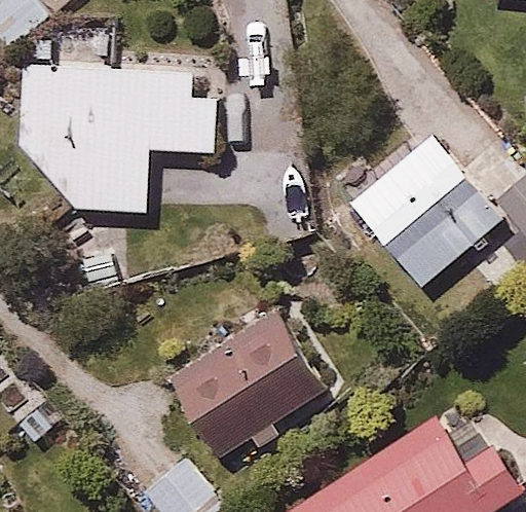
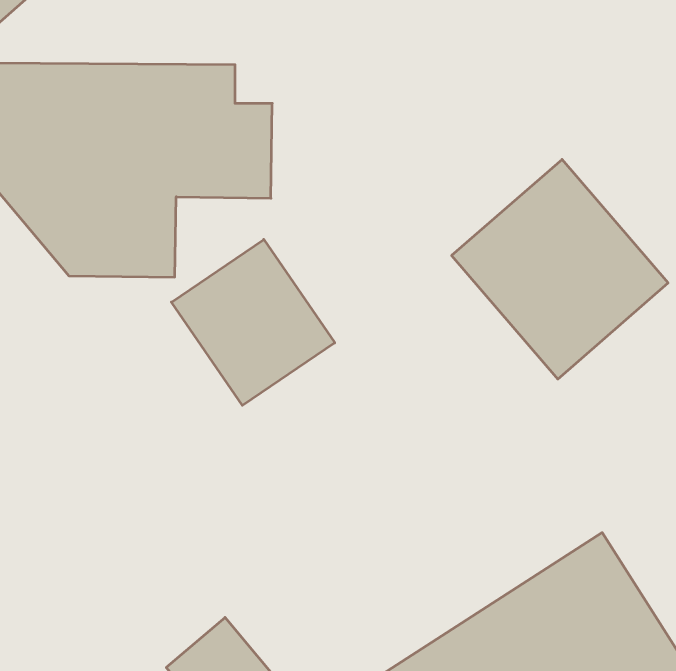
building: none -> [171,239,335,405]
building: [167,310,331,465] -> none

